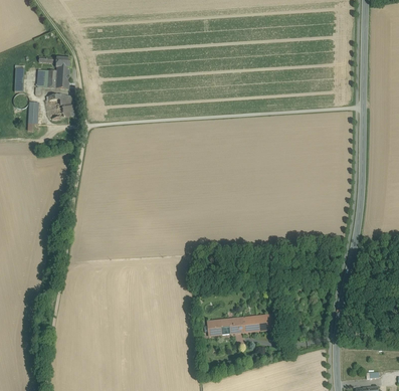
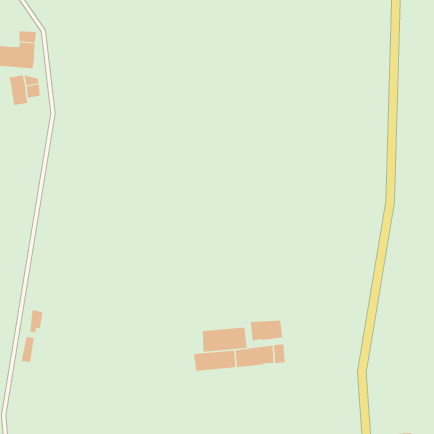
building: none -> [250,320,283,341]
building: none -> [202,327,247,352]

